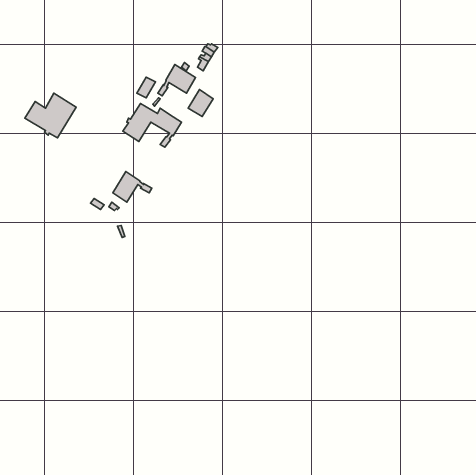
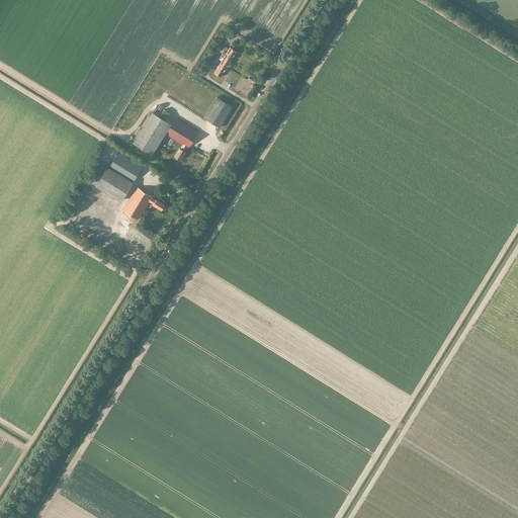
building: [158,65,195,96] -> none
building: [25,93,76,138] -> [86,153,142,201]

